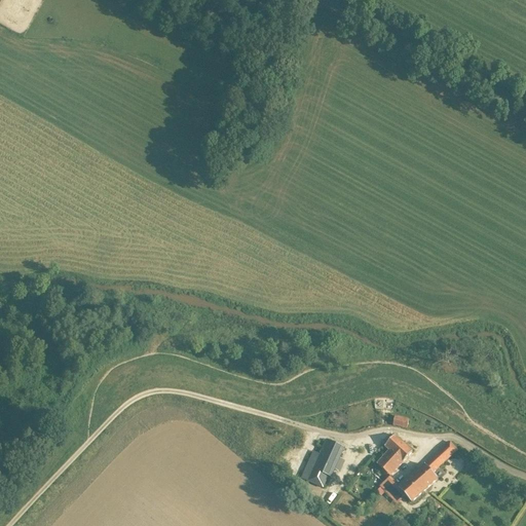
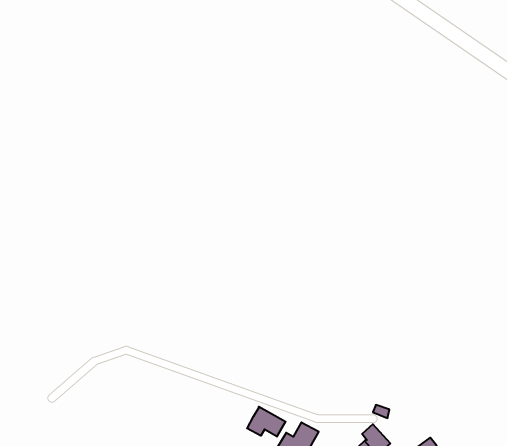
building: none -> [247,407,286,437]

